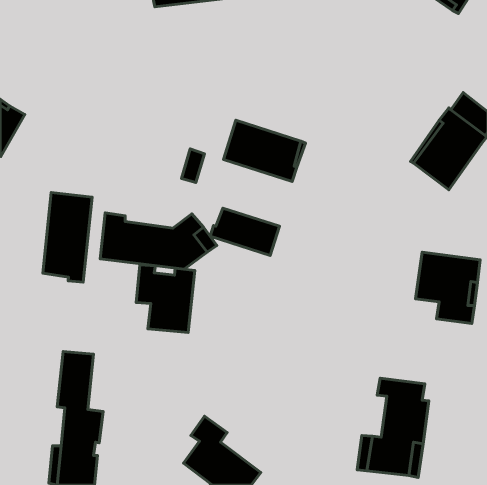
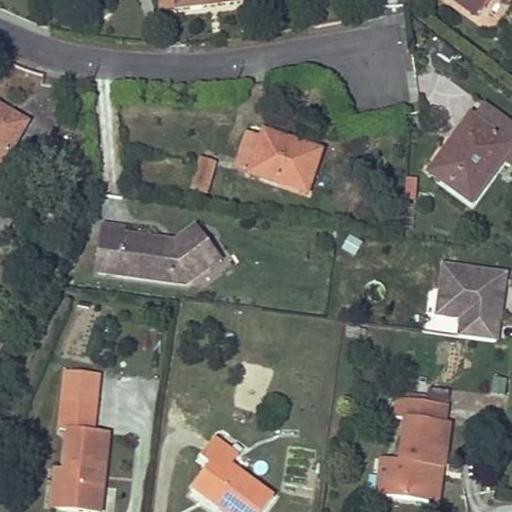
building: [43,193,92,282] -> none
building: [210,208,280,255] -> none
building: [136,265,195,333] -> none

